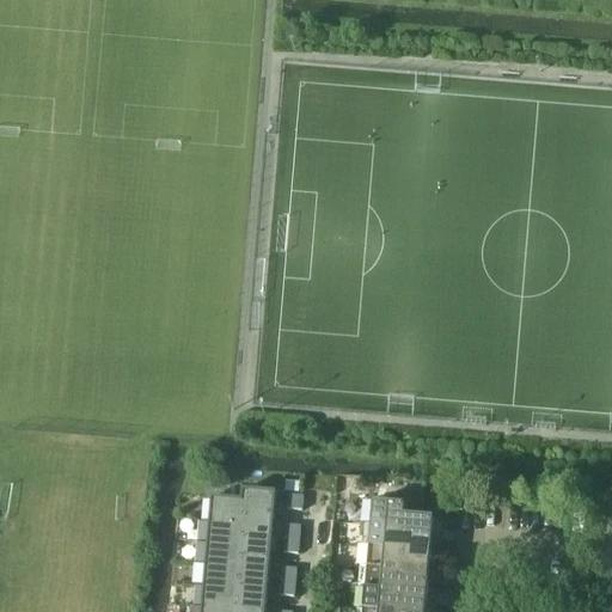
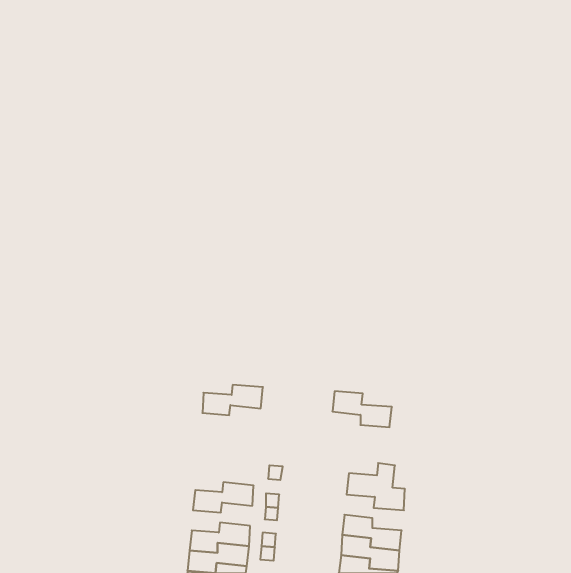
building: [208,492,273,525] -> [202,385,263,415]
building: [367,527,430,565] -> [332,391,392,427]
building: [204,536,269,568] -> none

